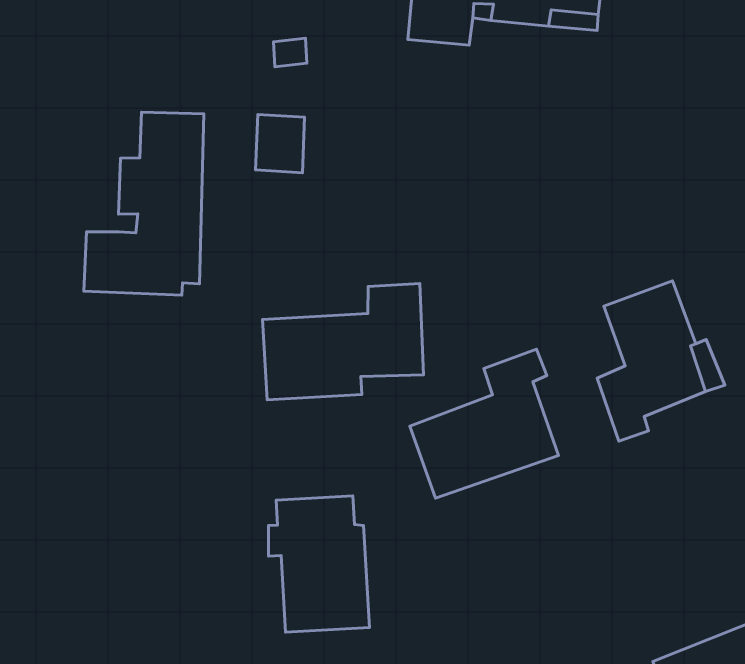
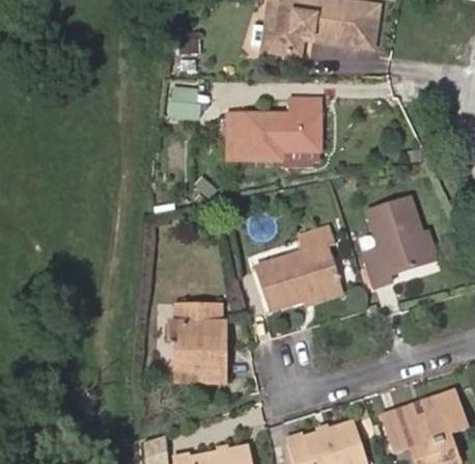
building: [84,112,204,295] -> none
building: [262,284,423,400] -> [227,100,319,162]

